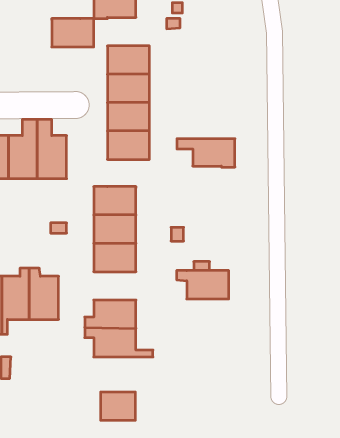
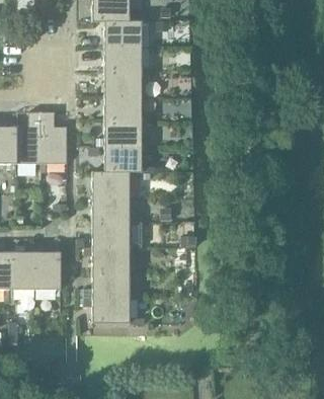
building: [52,19,94,47] -> [104,21,142,47]
building: [177,139,235,167] -> [90,148,142,173]
building: [177,271,229,299] -> [83,248,130,273]
building: [101,392,135,420] -> none

